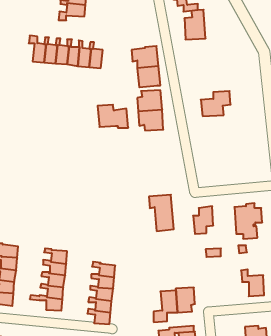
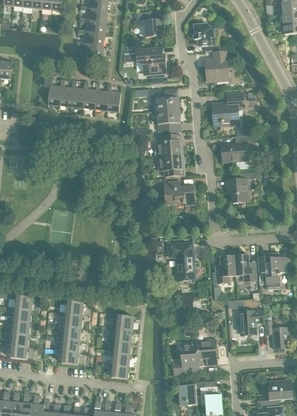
building: none -> [135,45,166,73]
building: none -> [212,91,243,124]
building: [98,105,128,128] -> [163,180,195,204]
building: none -> [225,170,260,201]
building: none -> [234,253,256,280]
building: none -> [238,310,263,333]

